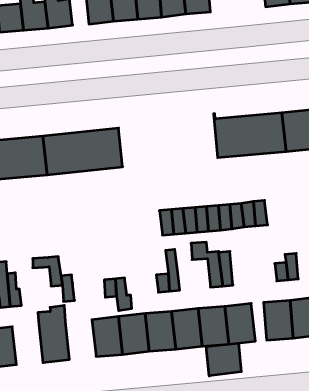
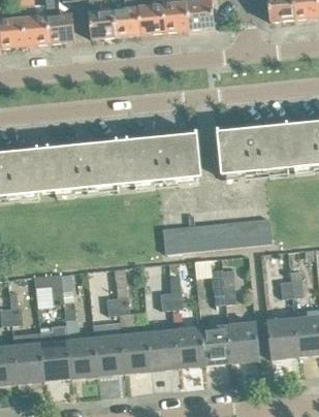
building: none -> [121,131,201,183]
building: none -> [13,330,44,383]
building: none -> [67,338,98,378]
building: [206,343,241,376] -> none

